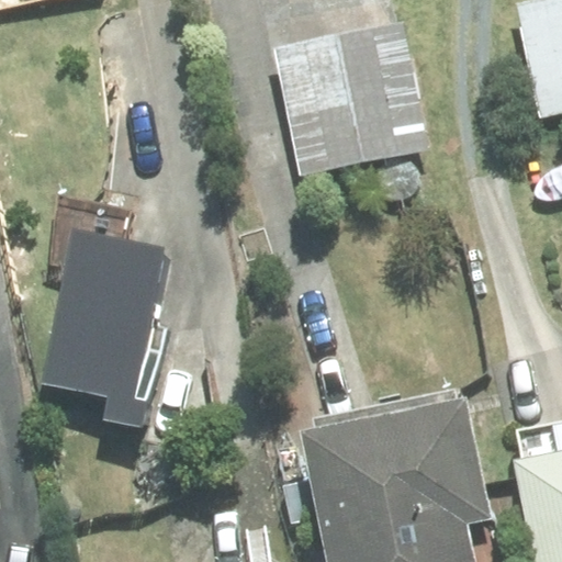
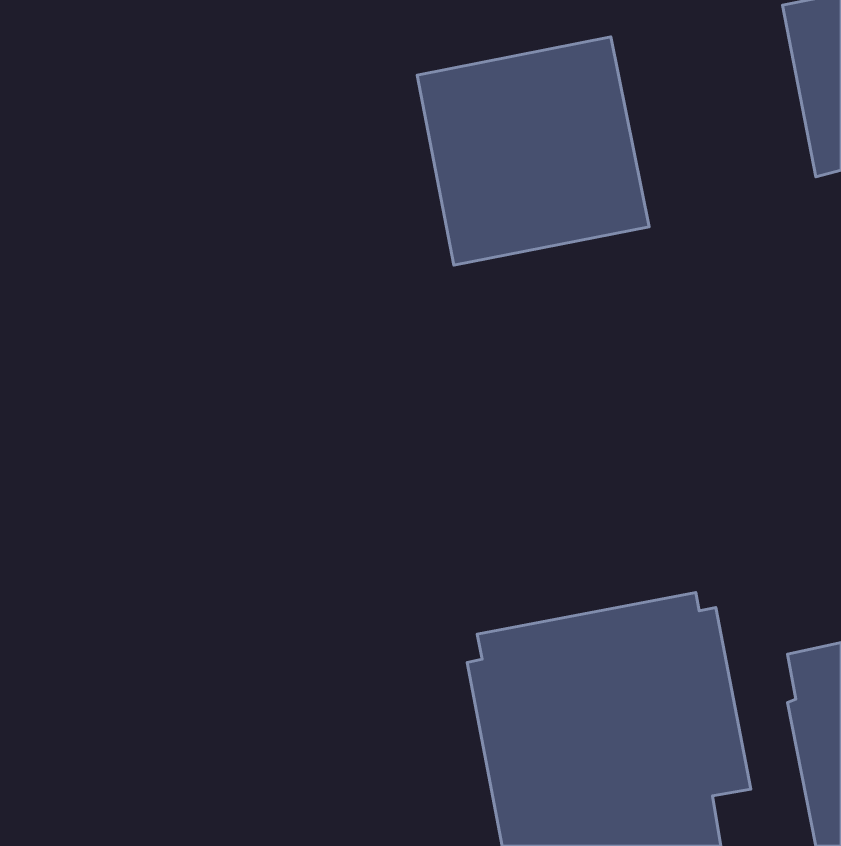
building: [42,232,168,429] -> none

